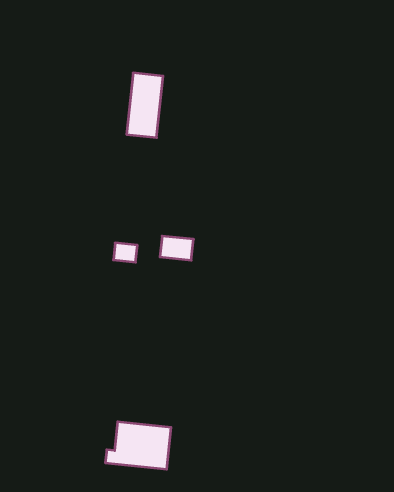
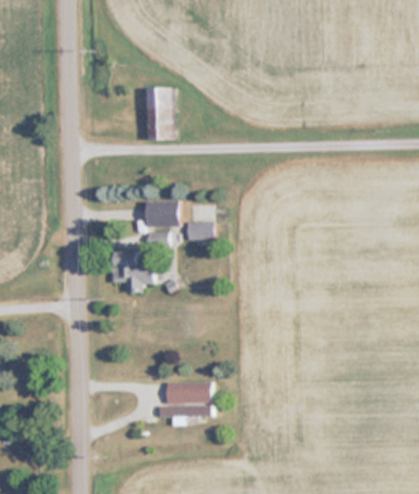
building: none -> [145,200,177,225]
building: none -> [112,252,152,291]

